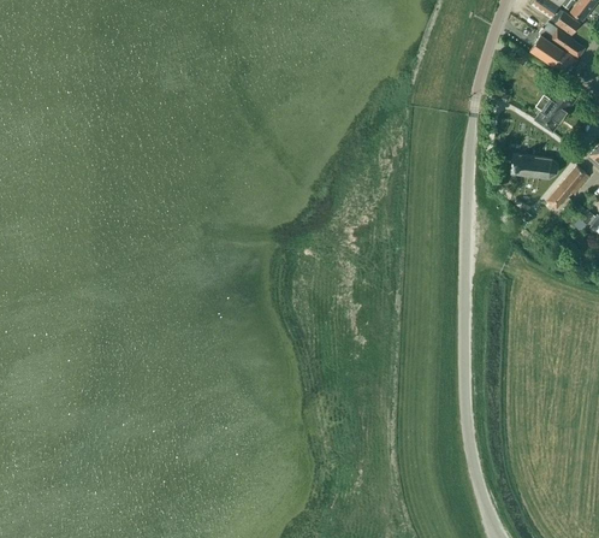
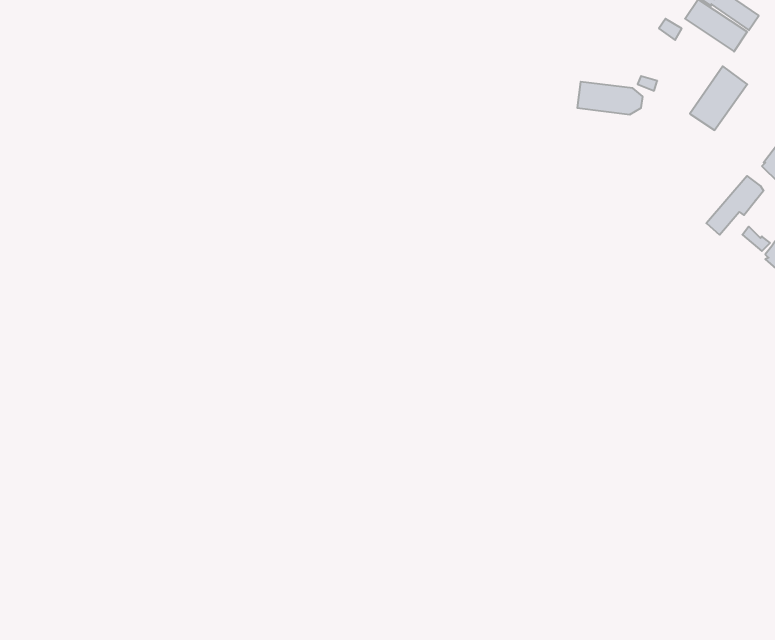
building: [510,154,558,178] -> [577,82,643,114]

